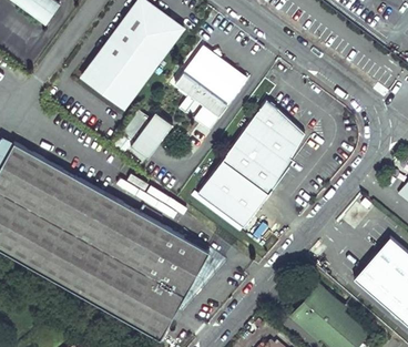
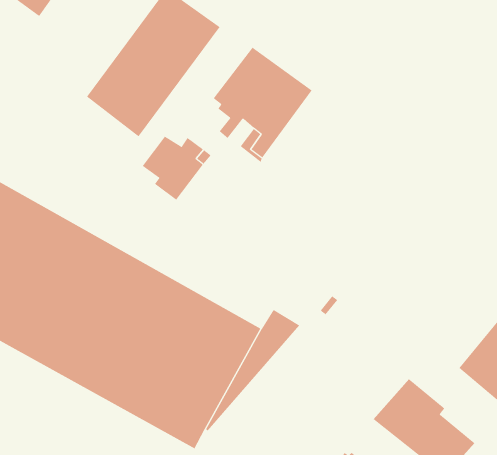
building: [197,100,305,227] -> none

